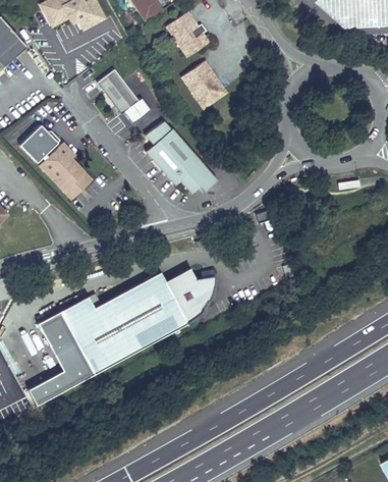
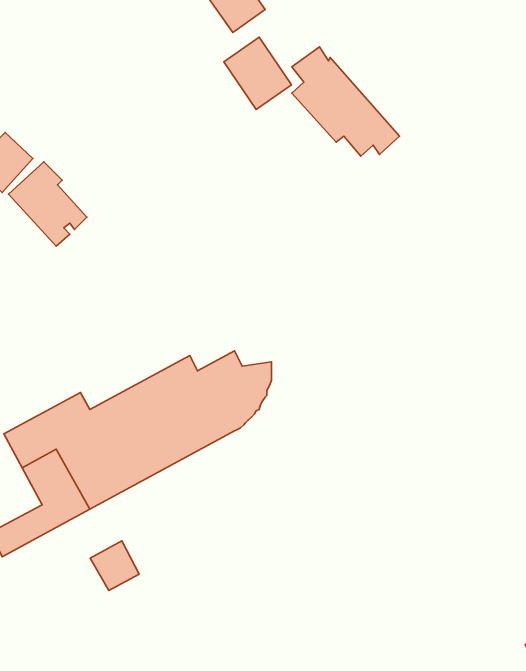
building: [97,69,151,124] -> none
building: [146,121,217,194] -> [292,47,399,156]
building: none -> [90,541,139,591]

